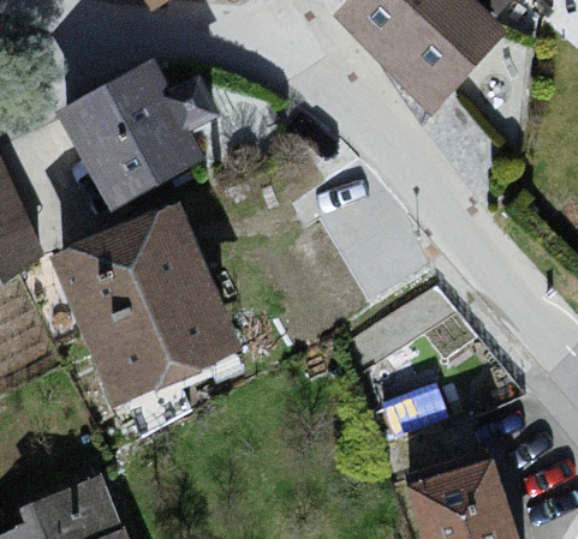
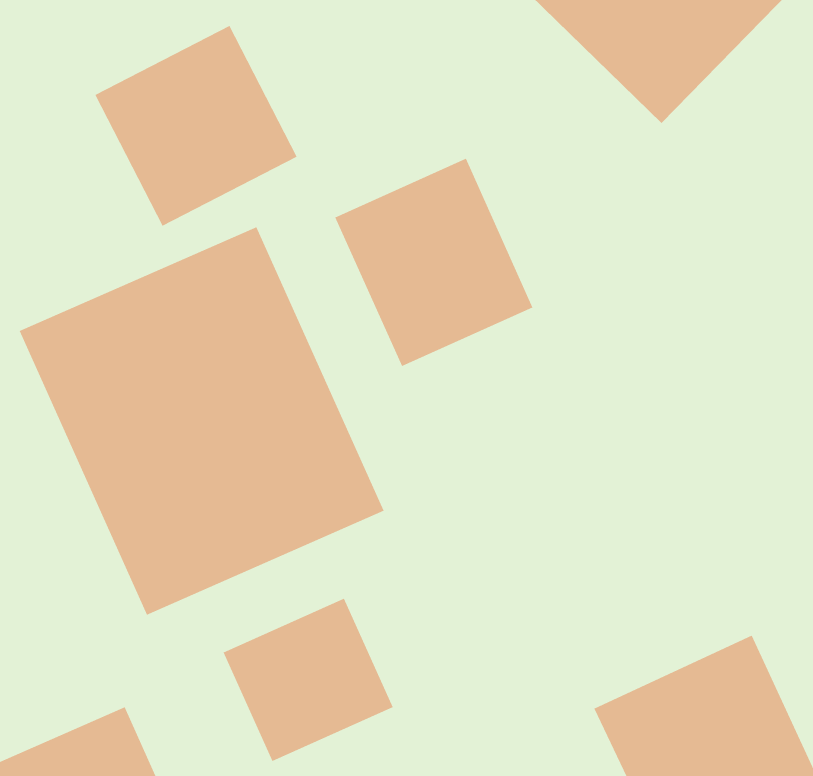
building: none -> [335,158,533,367]
building: none -> [223,598,393,762]

